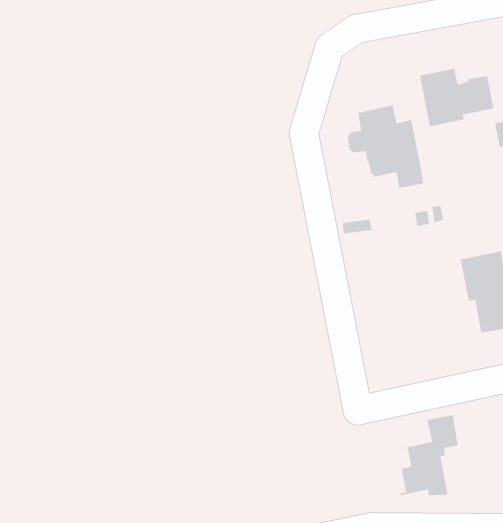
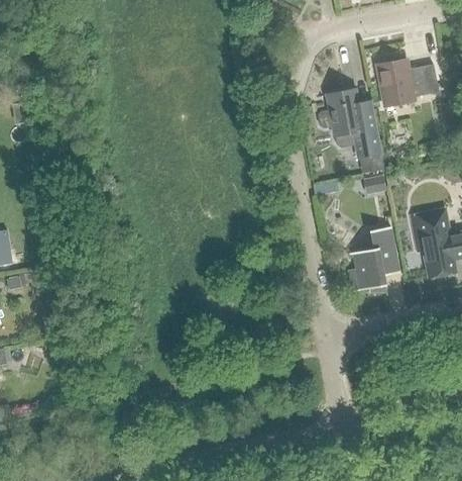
building: [399,415,458,496] -> [346,225,394,292]

